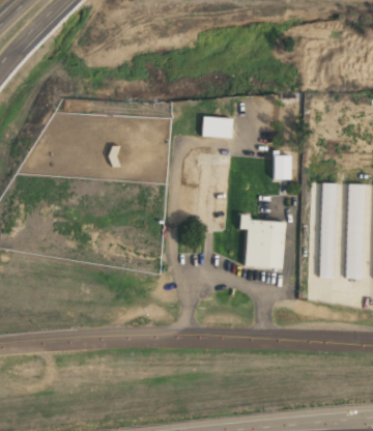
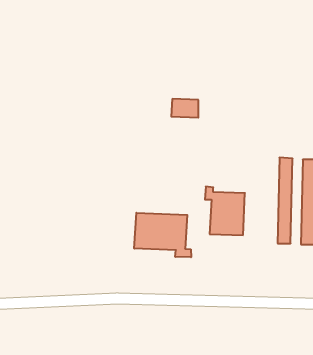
building: [275,155,292,179] -> none
building: none -> [134,213,191,257]

